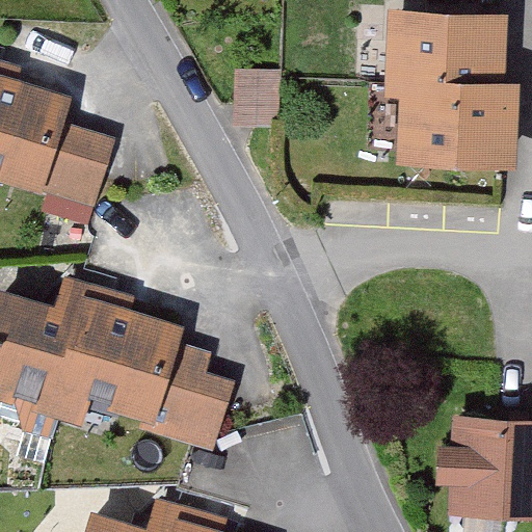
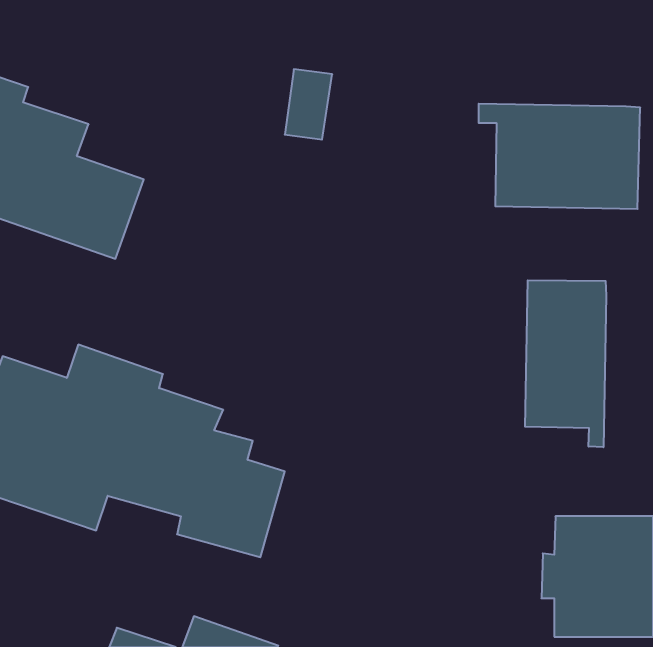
building: [388,11,508,86] -> none
building: none -> [525,280,606,447]

